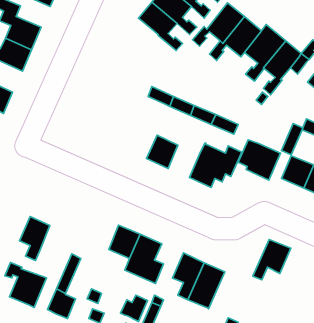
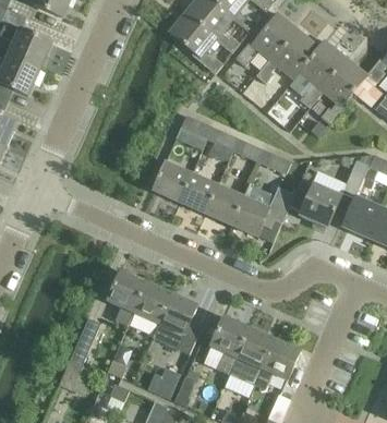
building: none -> [153,161,192,202]
building: none -> [205,185,243,225]
building: [19,217,50,261] -> [108,271,145,325]
building: [253,239,291,280] -> [254,339,300,388]
building: [5,262,46,307] -> none

